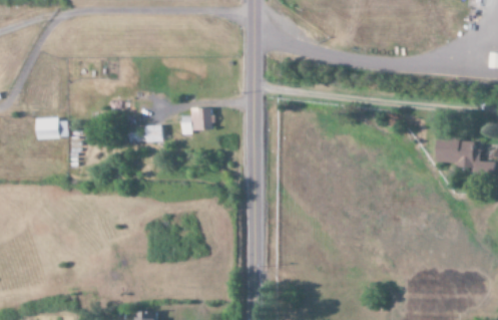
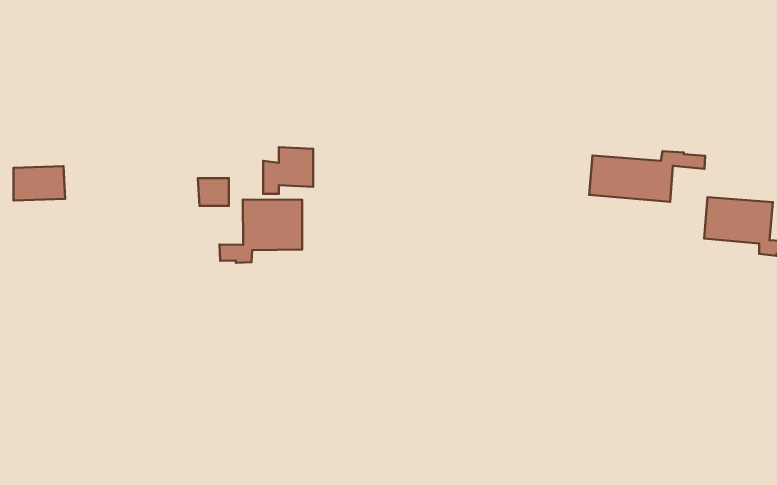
building: none -> [589,151,705,202]
building: none -> [220,200,302,263]

